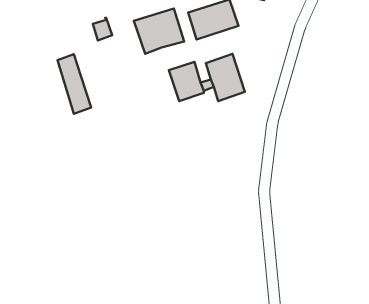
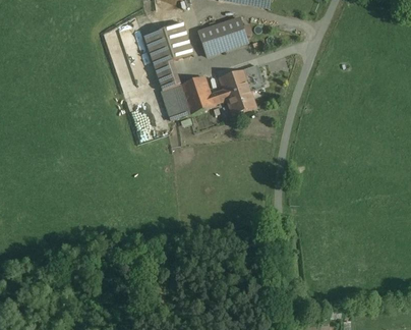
building: [57,54,91,114] -> [155,61,188,120]

